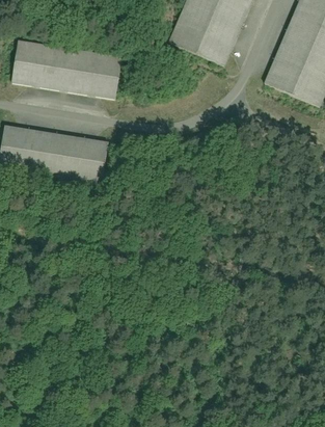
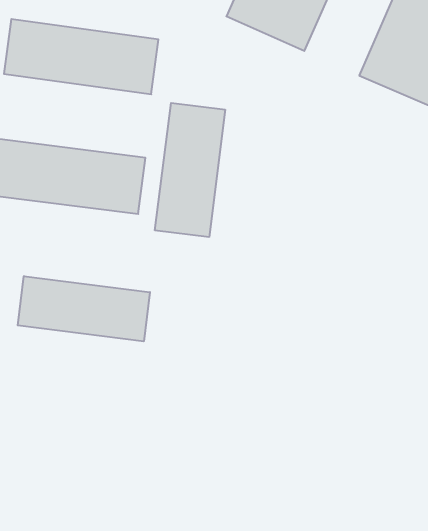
building: none -> [155,103,225,237]
building: none -> [18,276,150,341]

